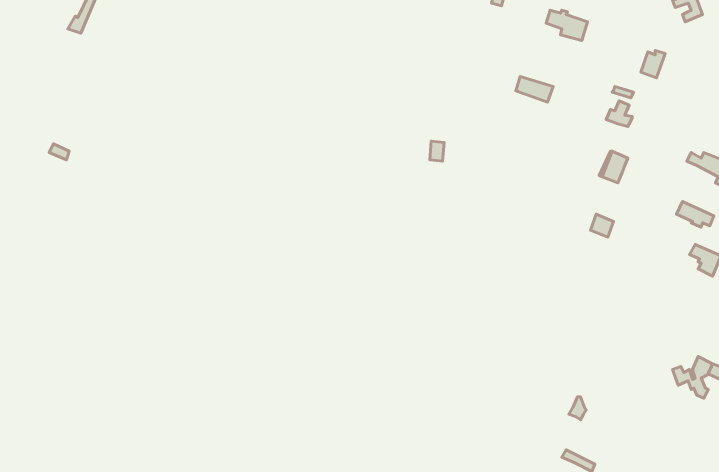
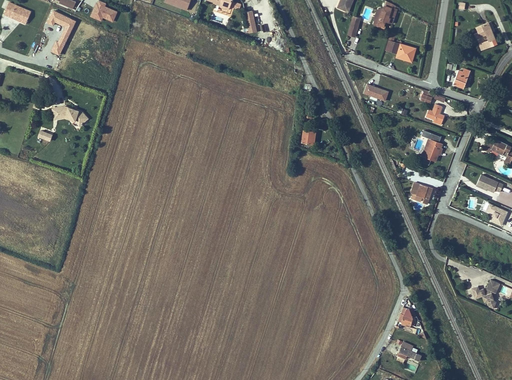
building: none -> [53,108,89,128]

